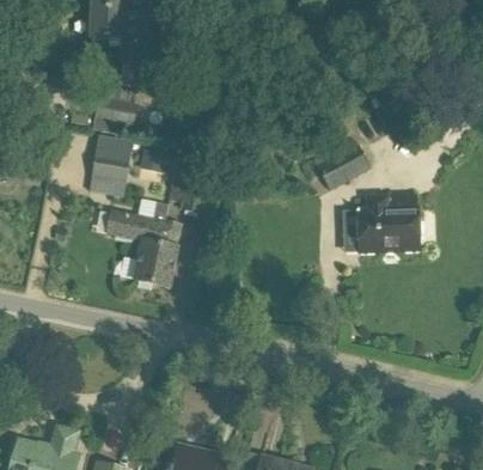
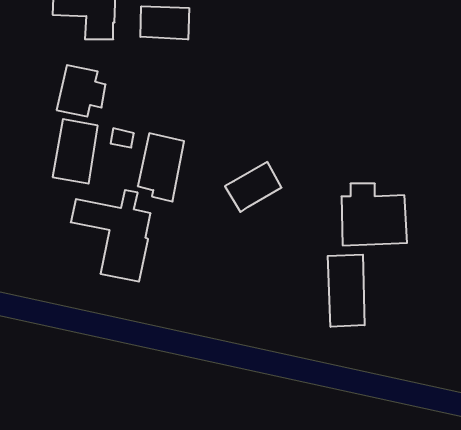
building: none -> [140,6,189,40]
building: [316,142,368,189] -> [225,162,282,212]
building: none -> [328,255,365,327]

